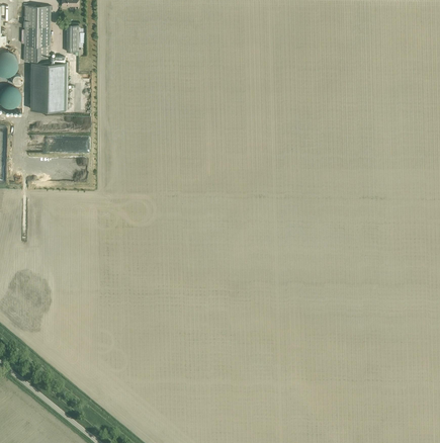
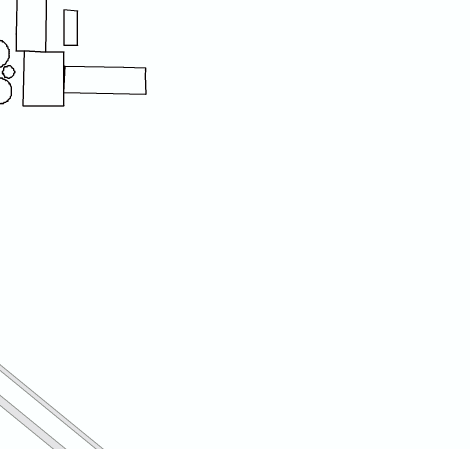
building: none -> [64,66,146,94]

